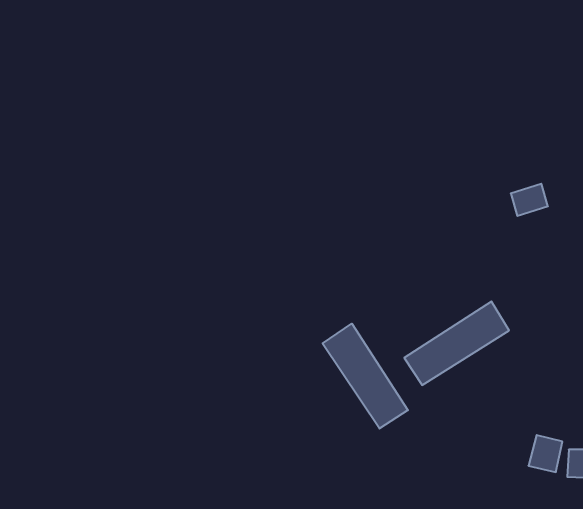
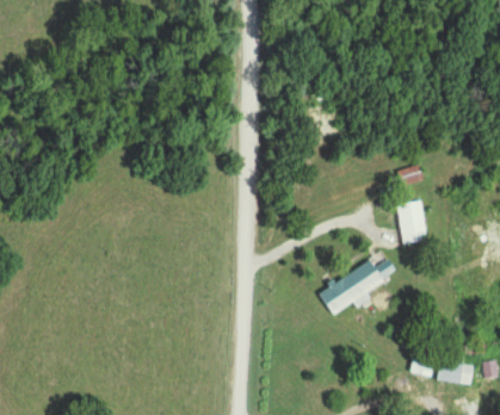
building: none -> [396,200,428,244]
building: [323,324,408,429] -> none

